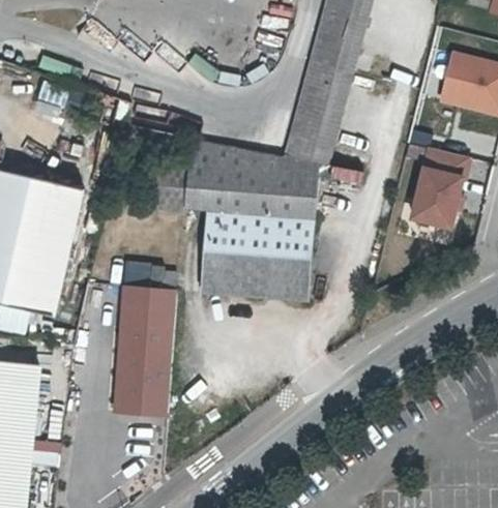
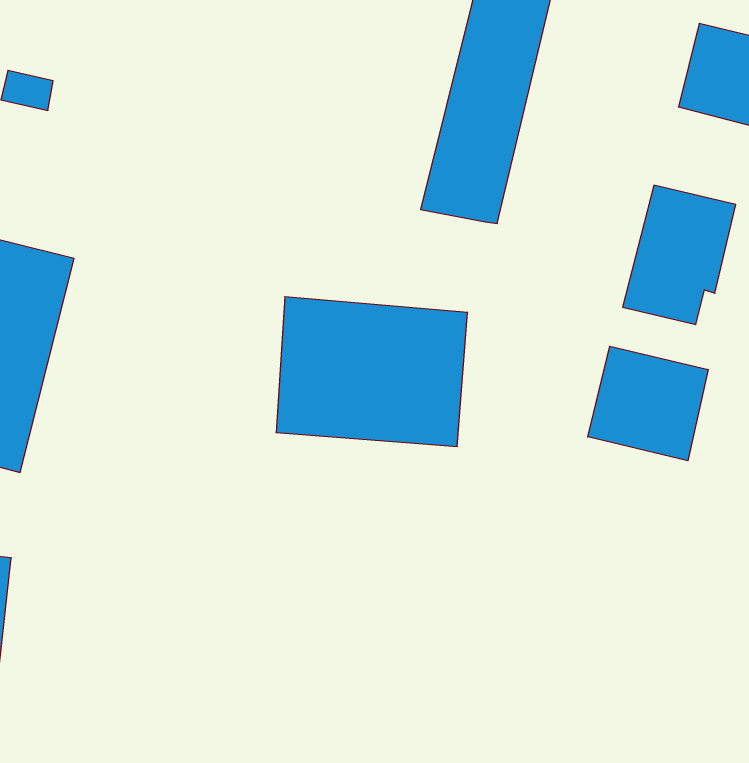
building: [182,143,324,221] -> none
building: none -> [588,346,708,461]
building: [113,282,177,415] -> none

